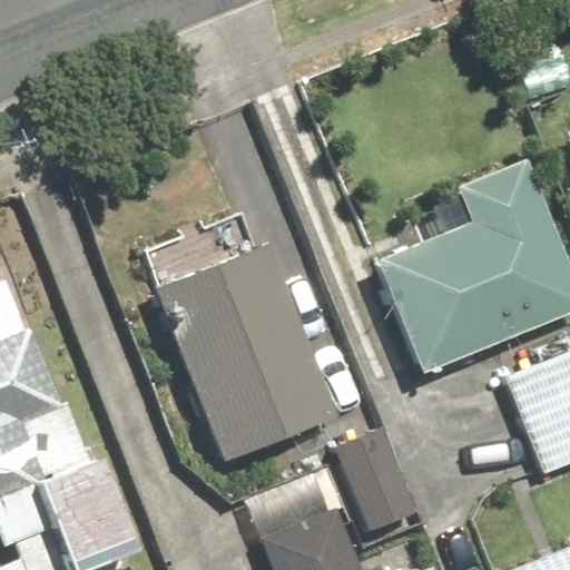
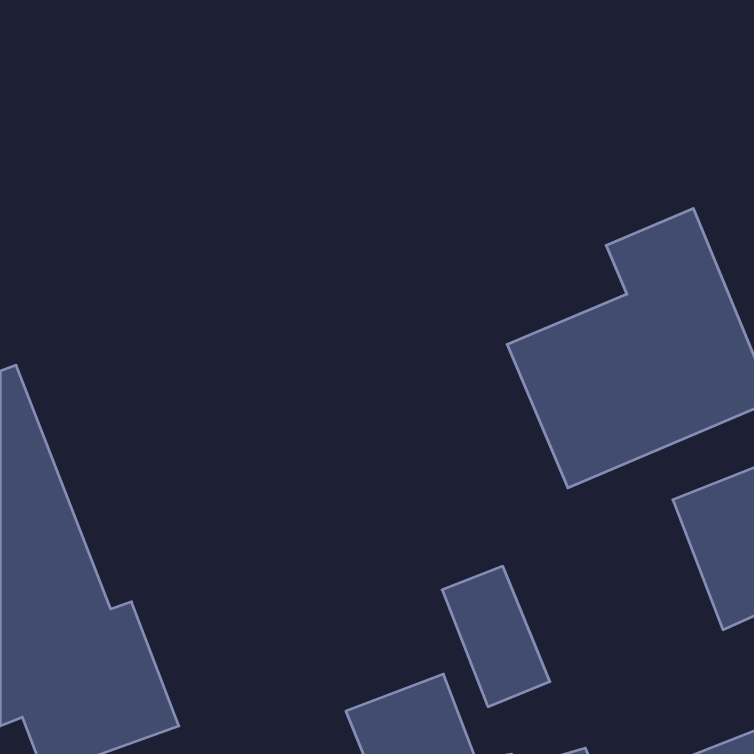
building: [156,246,335,461] -> none

